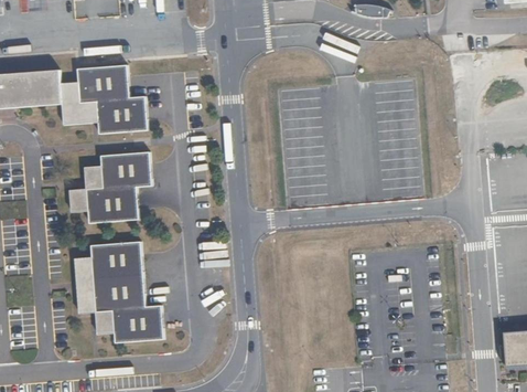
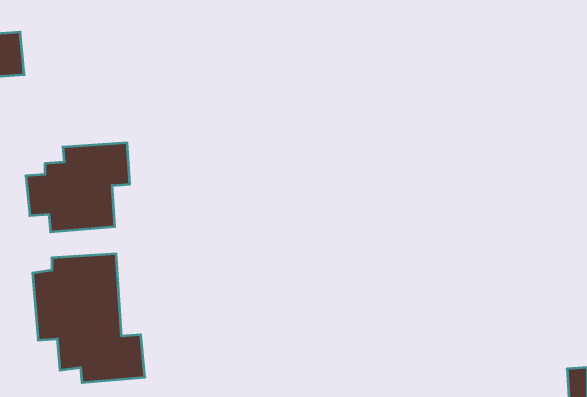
building: [68,60,152,129] -> none

